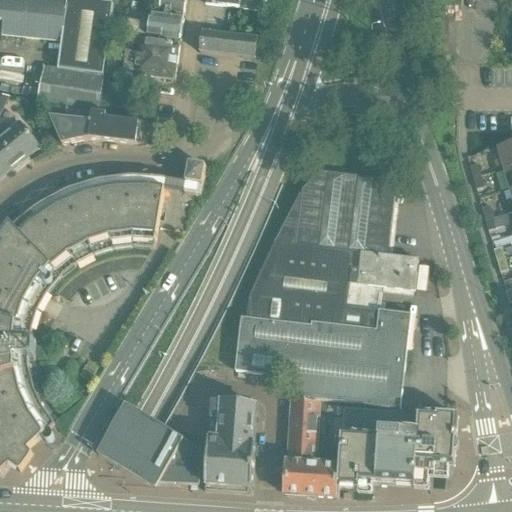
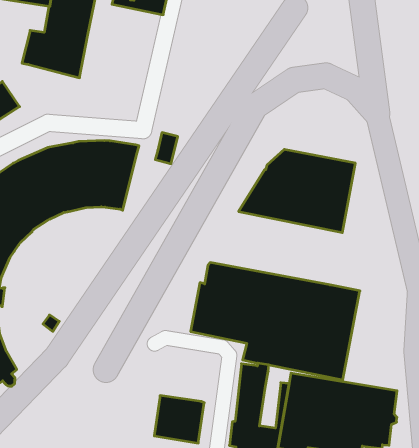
building: [199,27,256,55] -> none
building: [124,36,179,76] -> none
building: [42,99,148,141] -> none
building: [249,237,416,307] -> none
building: [207,398,254,440] -> none
building: [96,402,199,482] -> none

